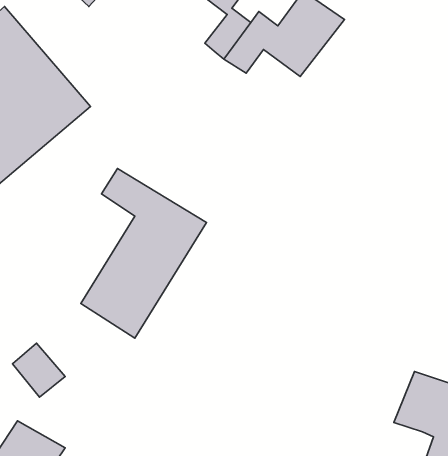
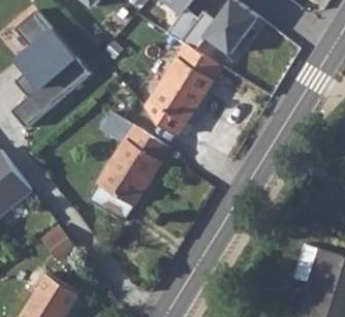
building: none -> [149,36,220,123]

